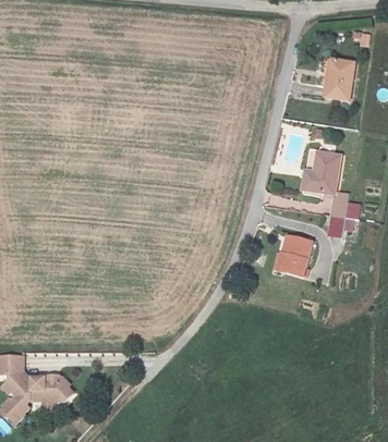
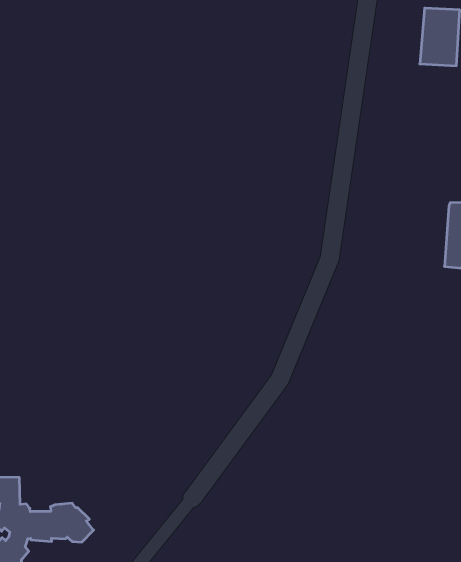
building: [301,150,341,195] -> none
building: [279,235,310,274] -> none

